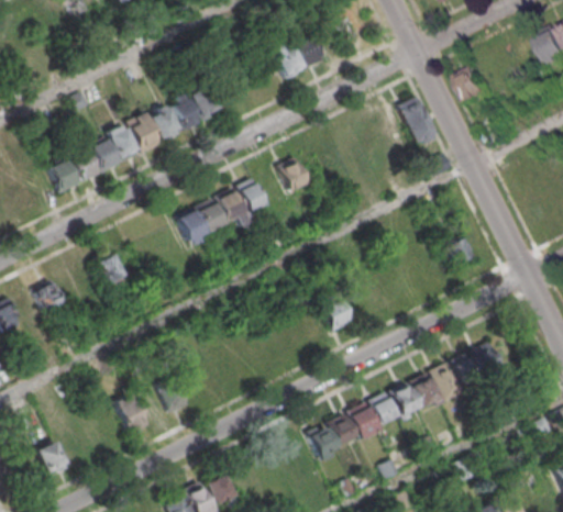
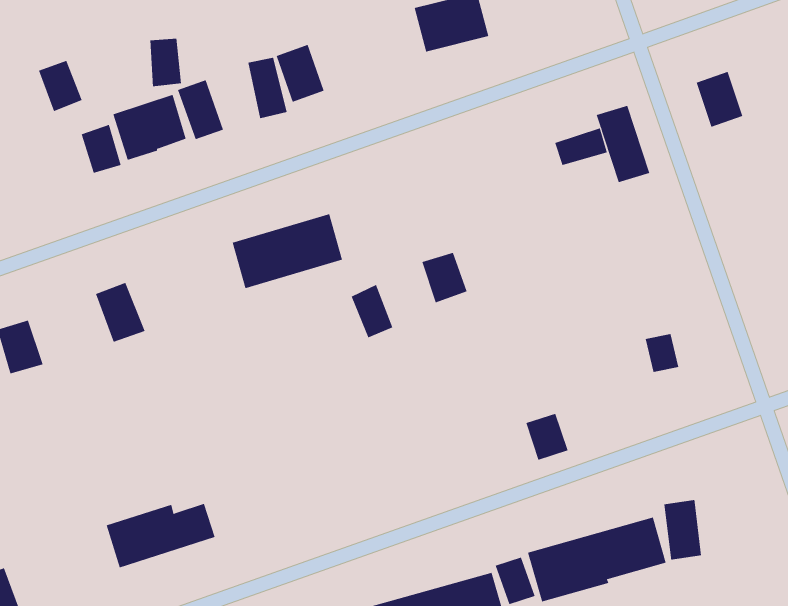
building: [154,105,178,138] -> [150,38,182,87]
building: none -> [554,128,608,166]
building: [278,157,310,191] -> [421,252,467,303]
building: [48,159,79,193] -> [38,60,82,112]
building: [238,177,267,212] -> [351,284,393,338]
building: [323,299,353,331] -> [526,413,568,461]

